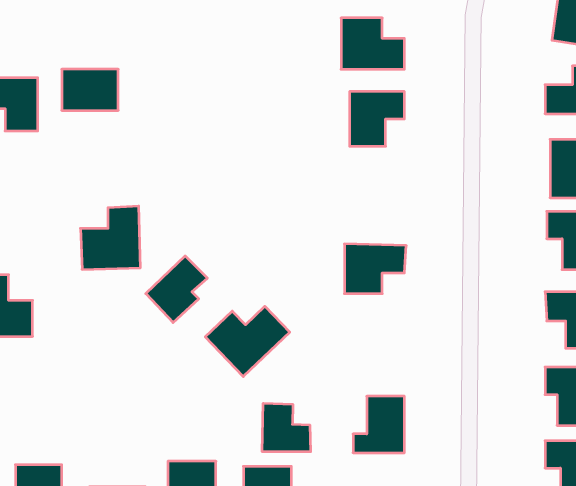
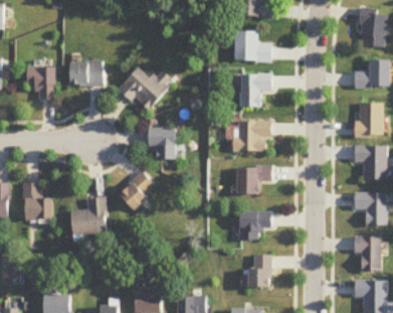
building: none -> [120,66,175,112]
building: none -> [233,120,271,151]
building: none -> [148,128,178,159]
building: [80,206,140,269] -> [71,196,107,233]
building: [205,306,290,377] -> none
building: none -> [238,210,271,239]
building: [262,403,311,452] -> none

